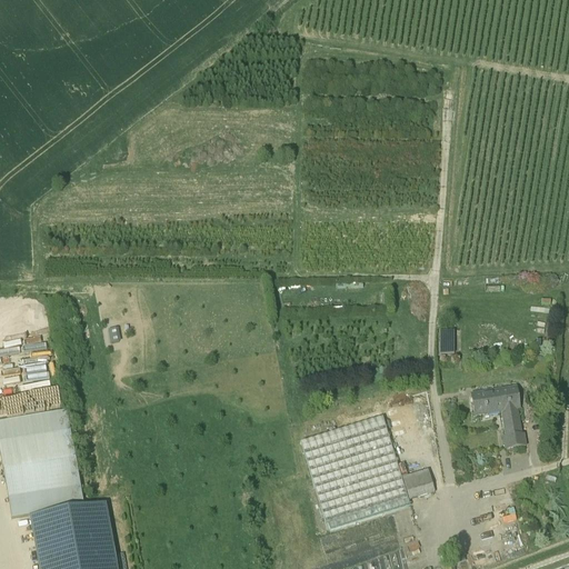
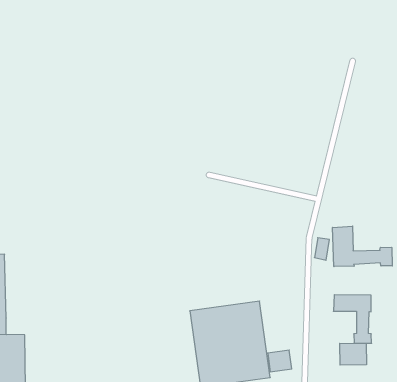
building: none -> [333,226,392,267]
building: none -> [340,343,366,365]

